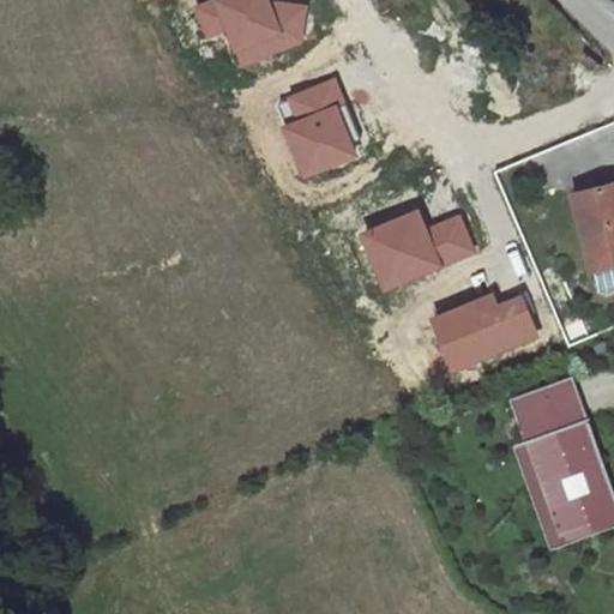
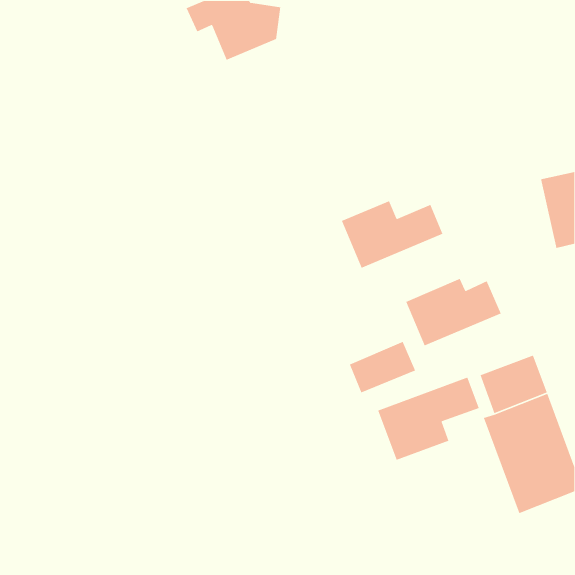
building: [285,83,357,174] -> none
building: none -> [349,341,416,393]
building: none -> [377,377,480,461]

